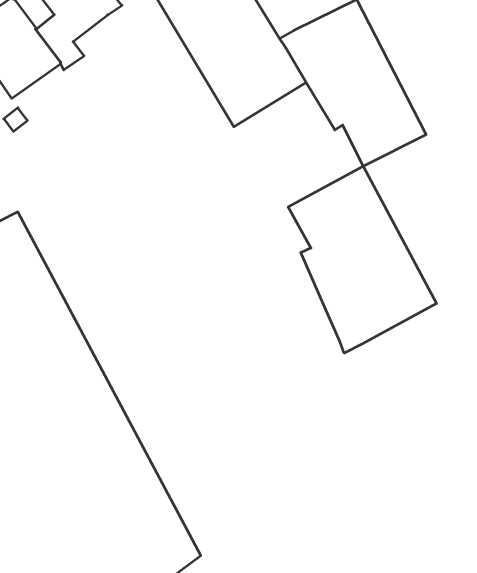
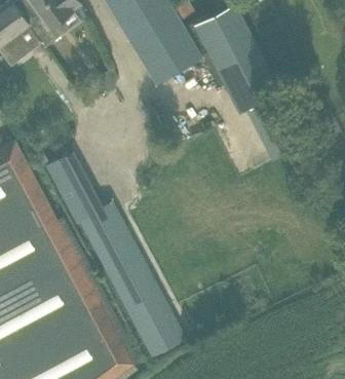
building: [288,166,436,353] -> none
building: none -> [43,148,184,355]

